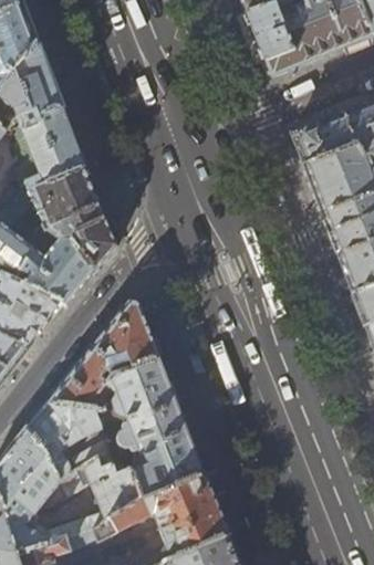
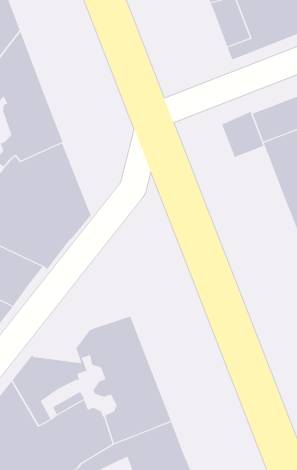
building: none -> [222,111,264,158]
building: [49,301,158,409] -> none

